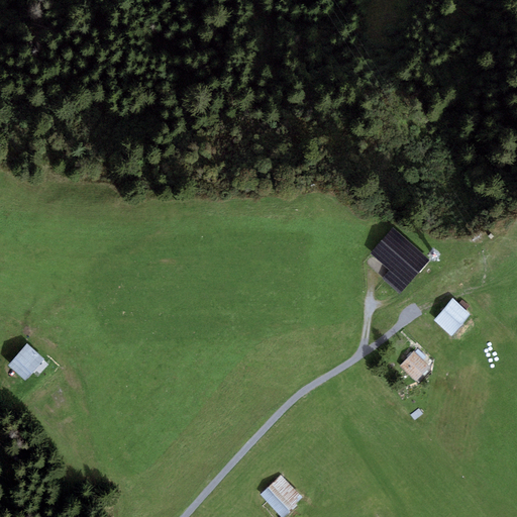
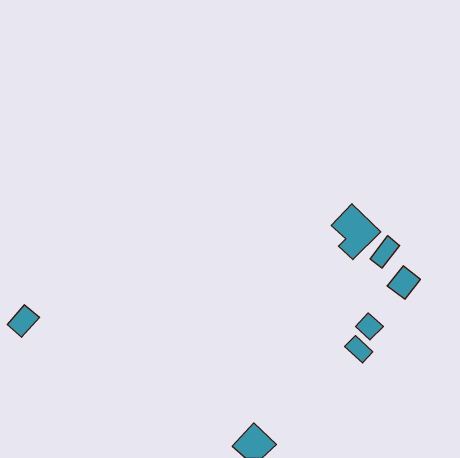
building: none -> [370,236,400,268]
building: none -> [345,336,373,363]

